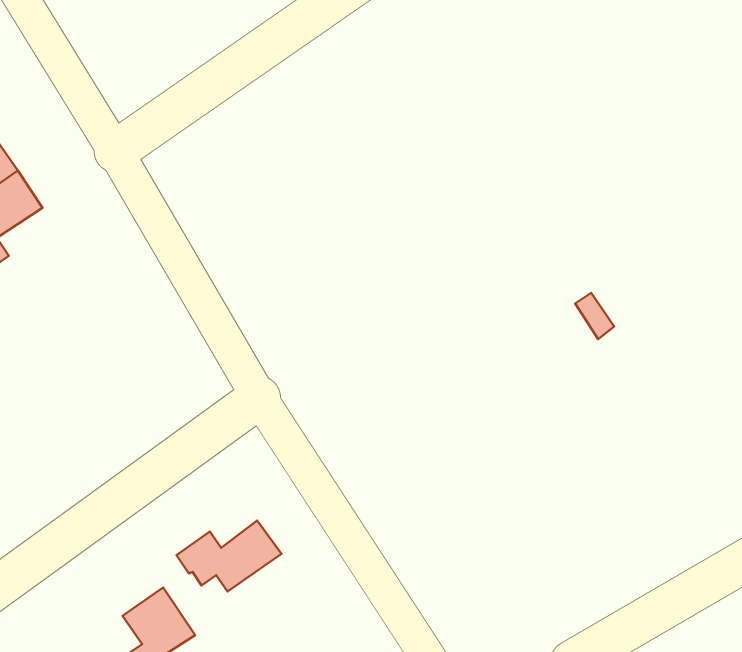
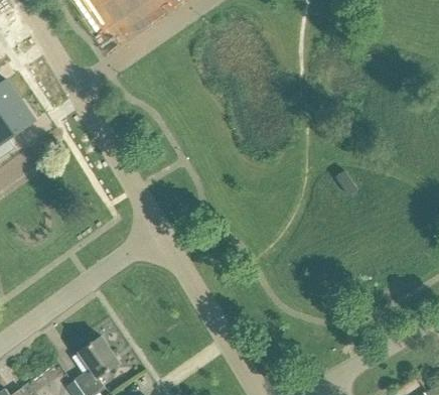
building: [176,521,282,591] -> none

